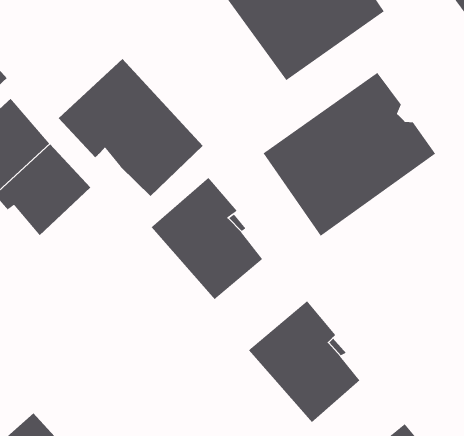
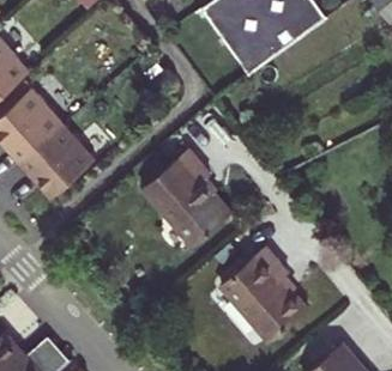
building: [58,58,204,197] -> none
building: [263,72,436,237] -> none

